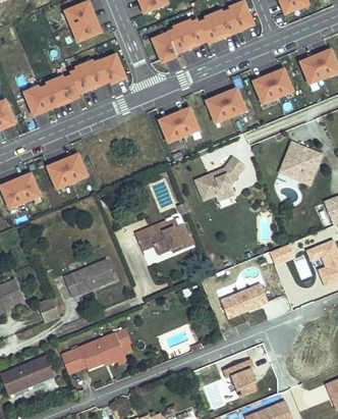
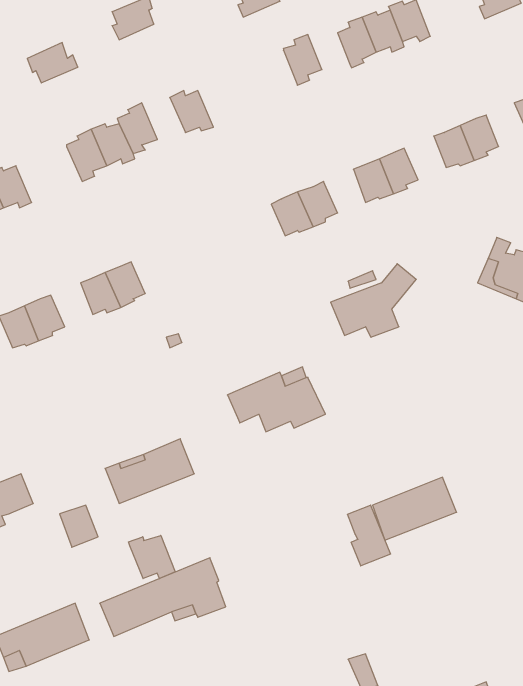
building: [71,17,101,41] -> [27,43,78,83]
building: [181,19,206,44] -> none
building: [153,33,175,62] -> none
building: [84,59,110,85] -> none
building: [26,89,50,118] -> none
building: none -> [347,505,391,566]
building: none -> [129,535,175,579]
building: [223,359,256,397] -> none

